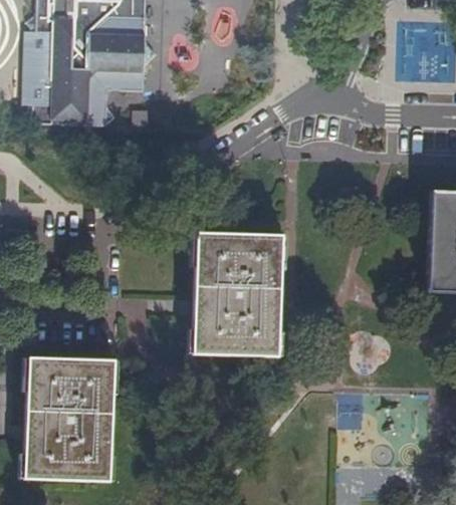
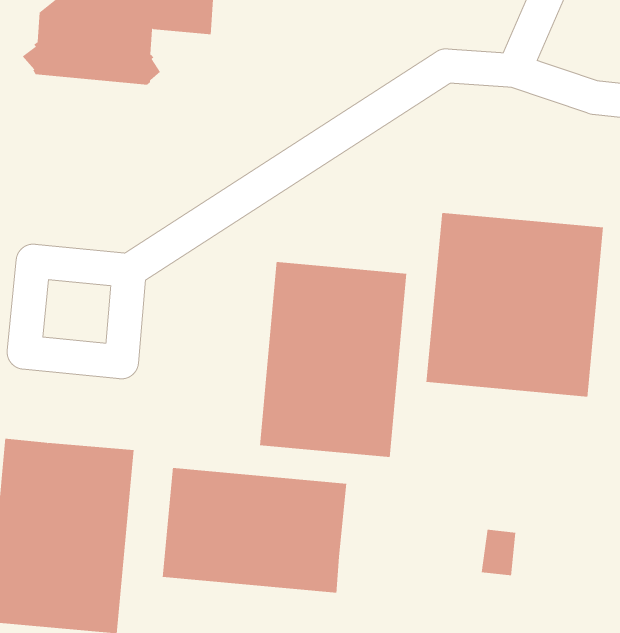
building: none -> [426,212,604,397]
building: none -> [162,467,347,594]

